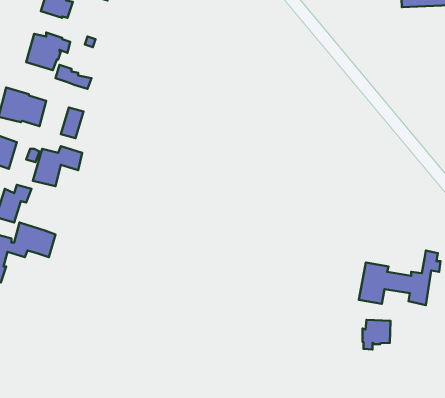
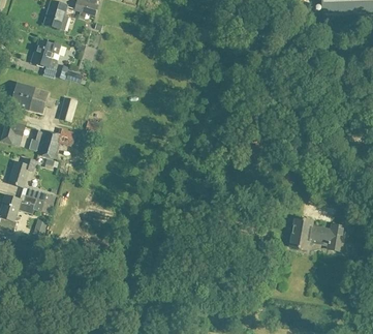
building: [363,320,390,349] -> none

